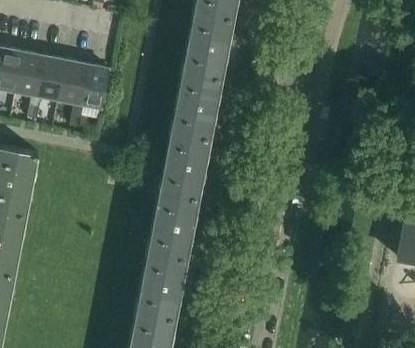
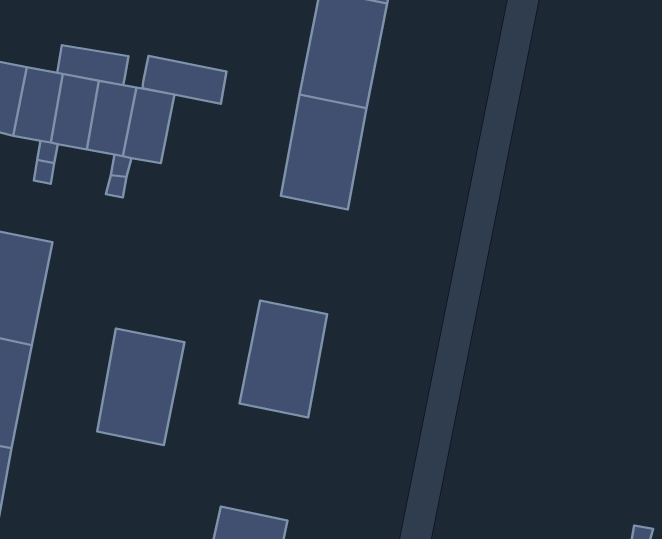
building: none -> [57,45,128,85]
building: none -> [143,56,226,104]
building: [160,128,211,197] -> none
building: [137,249,188,317] -> [97,328,185,445]

